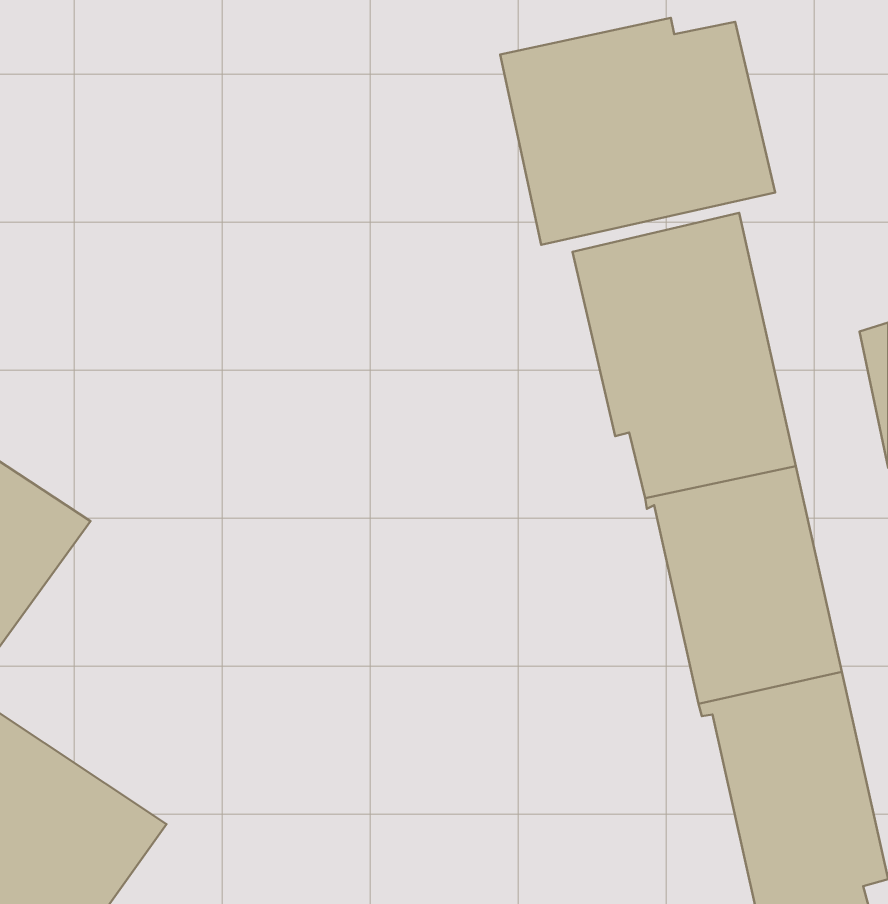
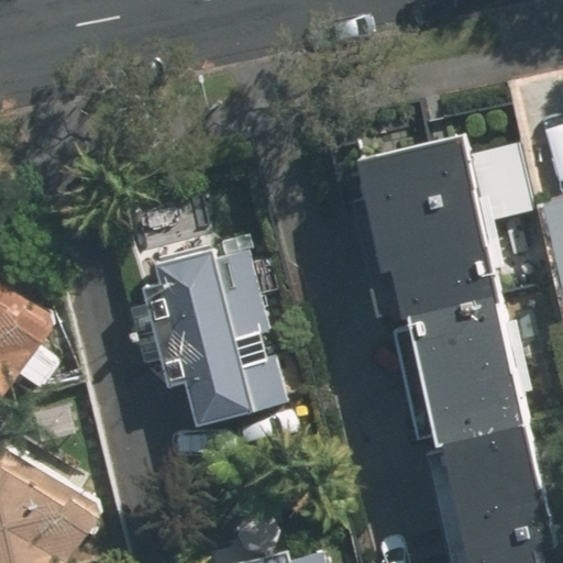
building: [500,18,775,245] -> none
building: none -> [135,252,277,427]

